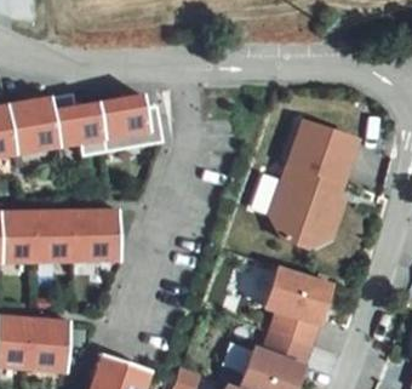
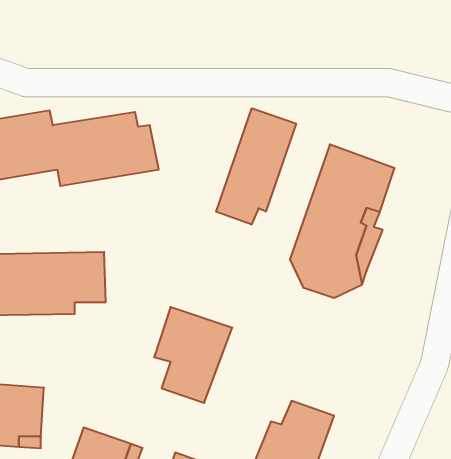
building: none -> [216,108,296,225]
building: [265,267,330,345] -> [154,307,232,403]

